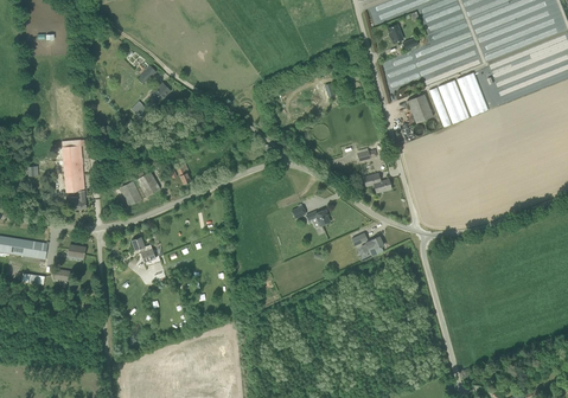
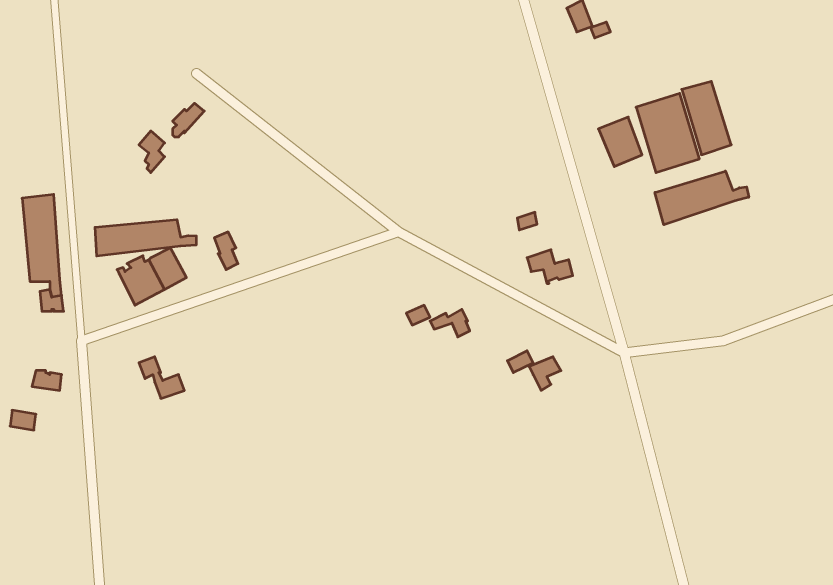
building: none -> [655,171,749,225]
building: none -> [95,220,196,256]

